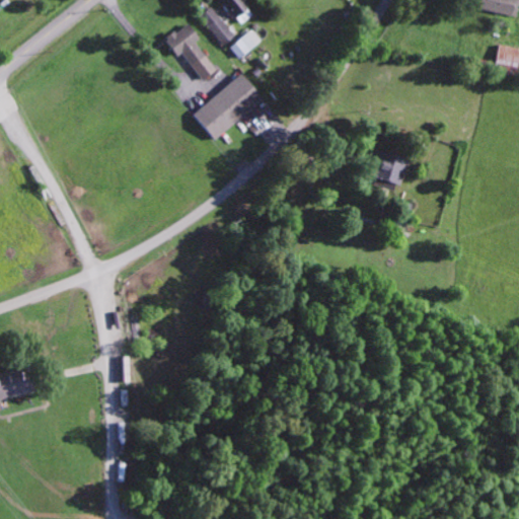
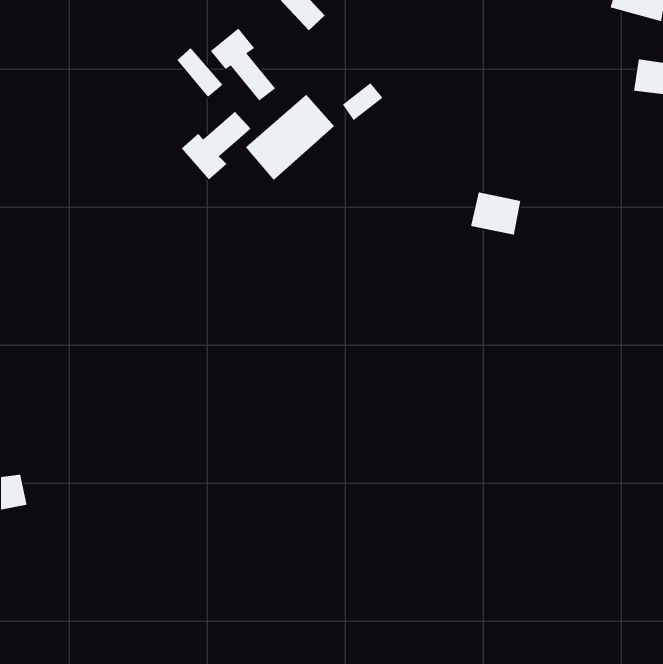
building: [200,5,236,45] -> [176,47,223,98]
building: [230,28,263,59] -> [342,82,384,121]
building: none -> [181,111,252,181]

